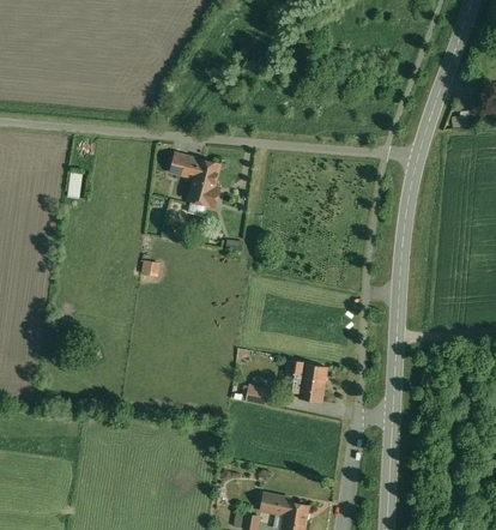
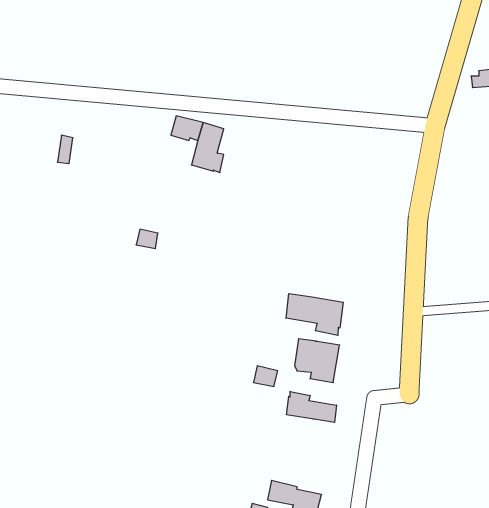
building: none -> [286,294,343,335]
building: none -> [287,391,336,422]

